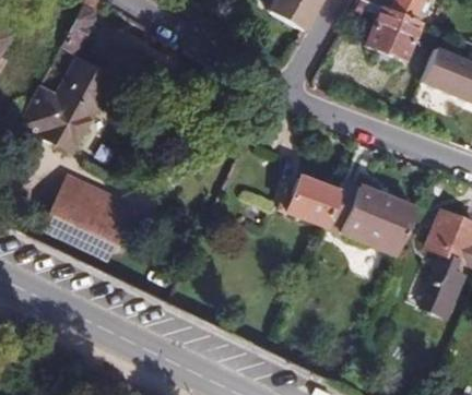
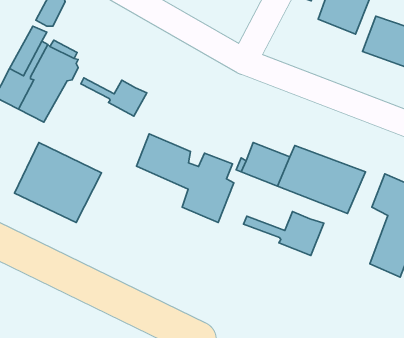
building: none -> [81,78,147,116]
building: none -> [137,134,234,223]
building: none -> [244,212,324,255]

